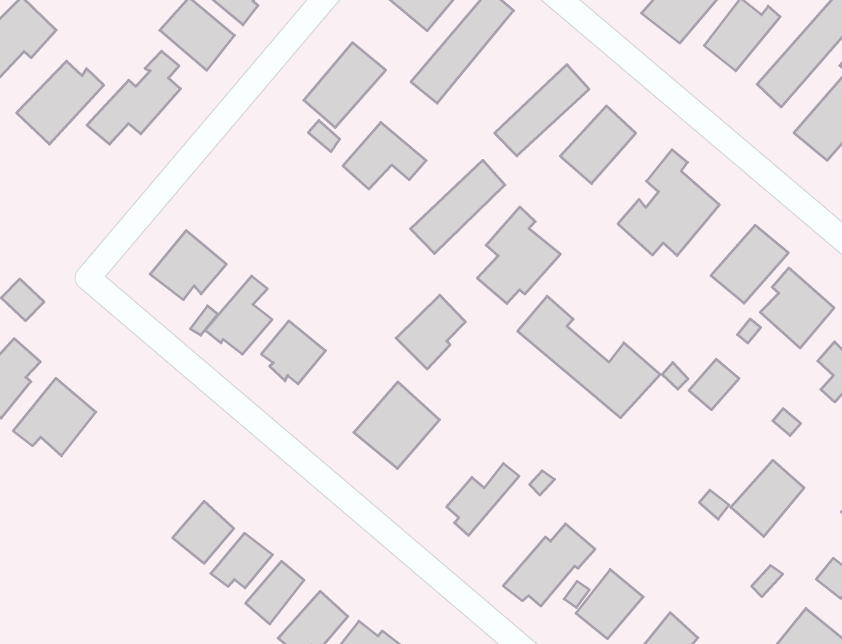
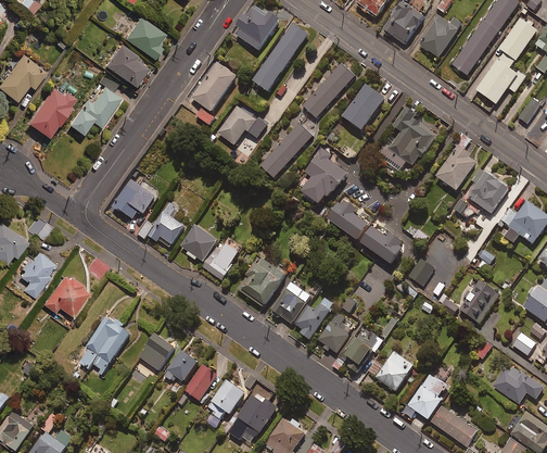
building: [396,295,465,369] -> [202,237,241,280]
building: [689,359,739,410] -> [407,257,435,287]
building: none -> [271,281,310,324]
building: none -> [78,315,130,370]
building: none -> [318,313,349,352]

